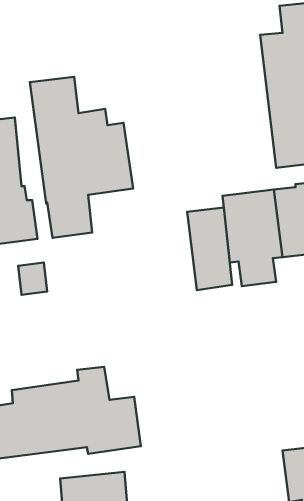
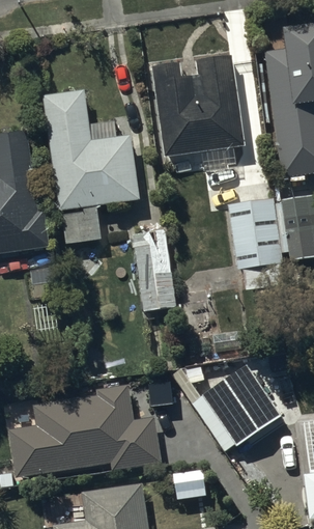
building: none -> [153,60,246,160]
building: [187,207,232,290] -> [134,236,177,316]
building: none -> [192,353,286,442]

